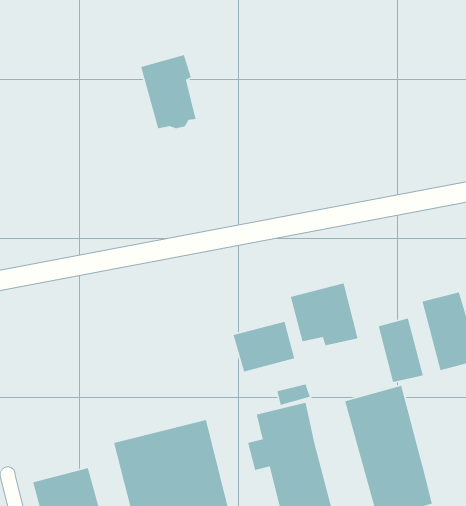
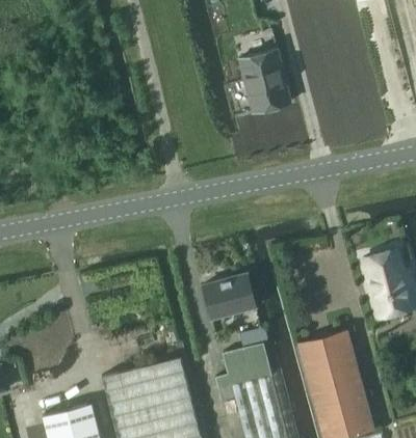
building: [140,54,197,129] -> [236,51,284,114]
building: [290,283,359,346] -> none
building: [378,318,424,383] -> none

